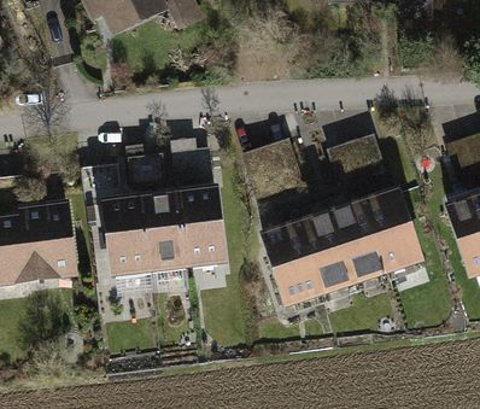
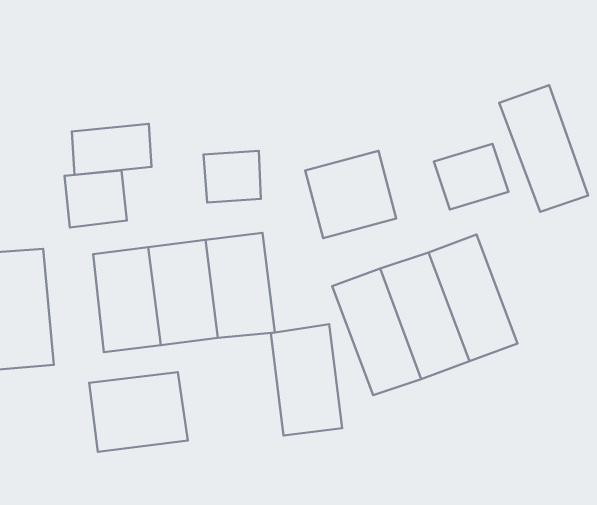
building: none -> [72,124,151,175]
building: [359,186,420,271] -> [499,85,588,212]
building: none -> [271,324,342,436]
building: none -> [89,372,188,452]

